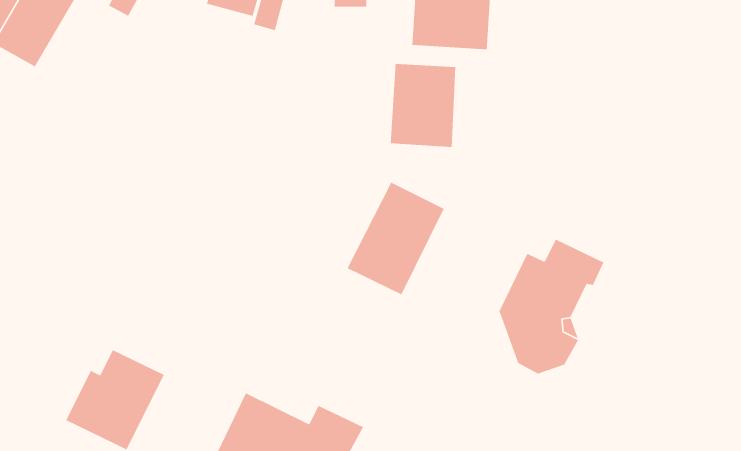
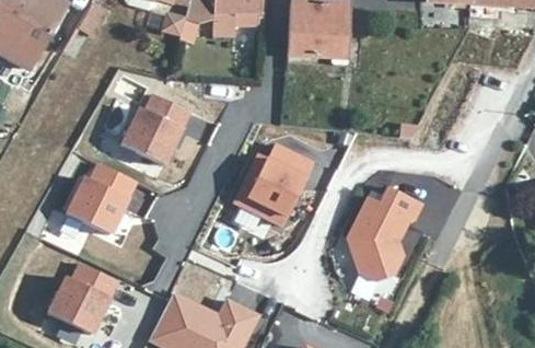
building: [390,63,456,148] -> none
building: none -> [123,93,190,164]
building: none -> [68,163,137,233]

